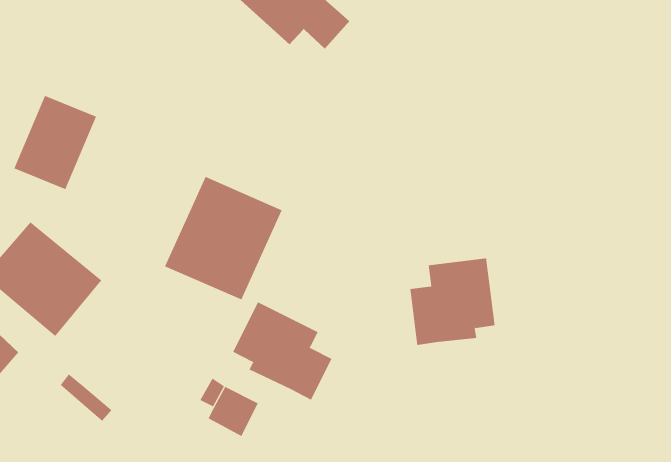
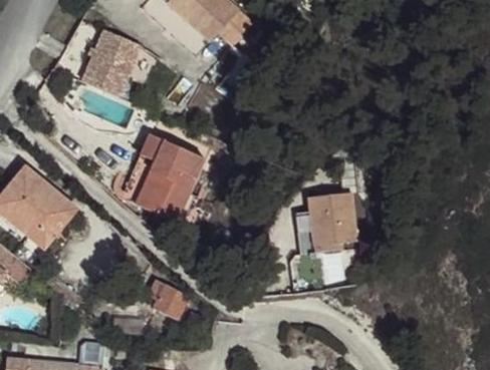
building: [14,95,97,190] -> [78,29,138,96]
building: [233,302,332,400] -> none

